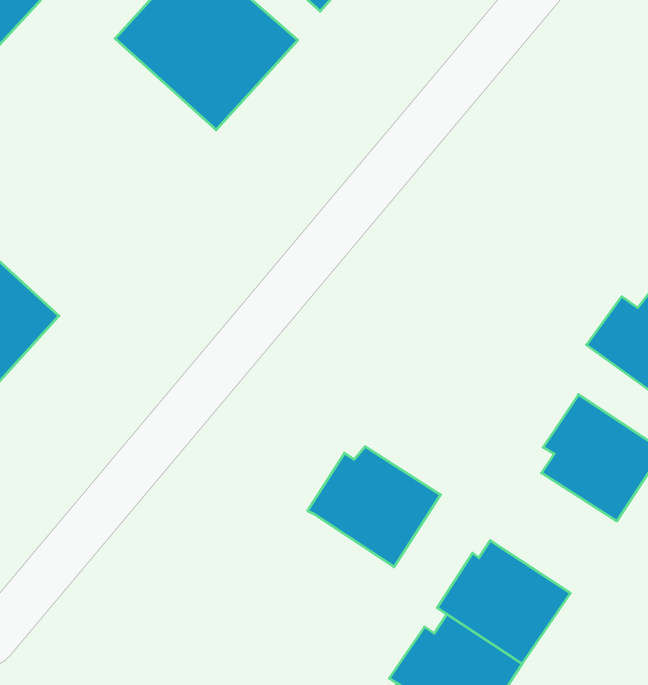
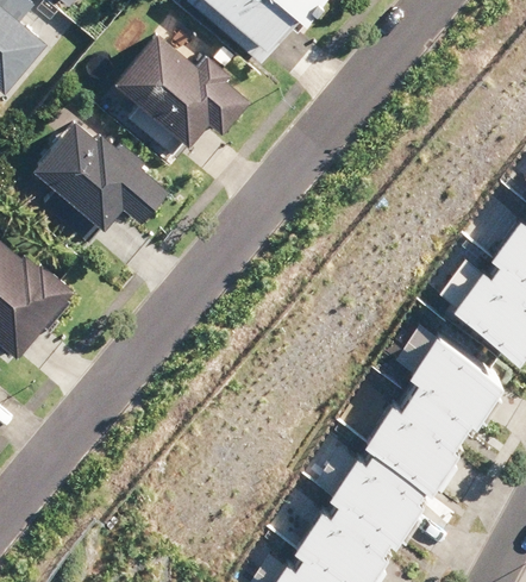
building: none -> [27,101,163,234]
building: [308,447,441,567] -> [368,402,466,492]

